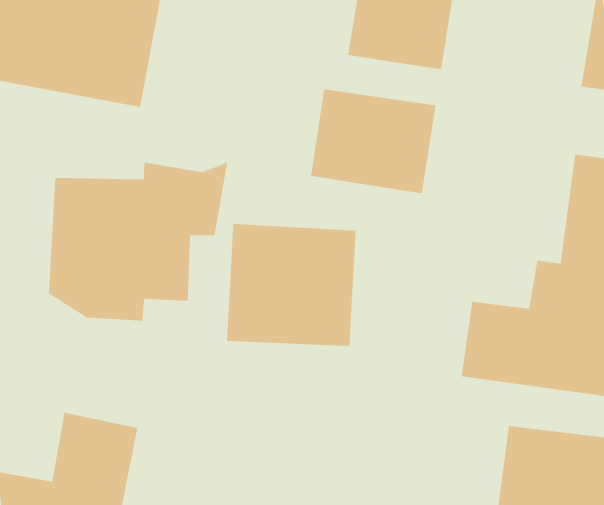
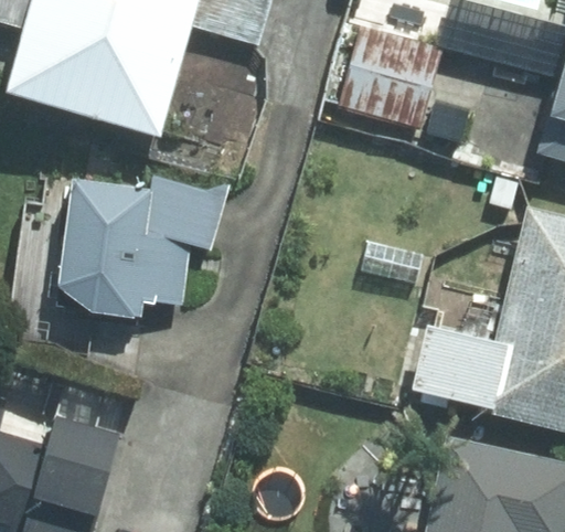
building: [311,88,436,194] -> none
building: [226,223,356,347] -> none

